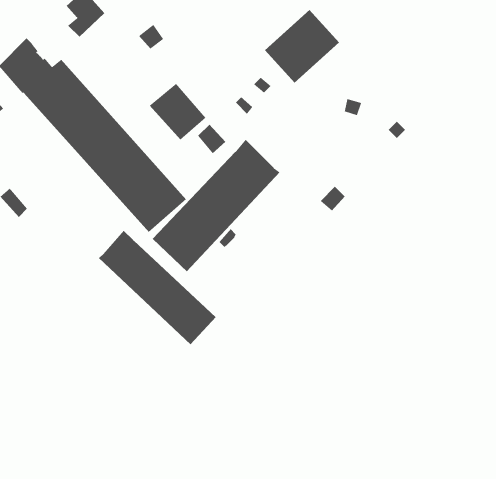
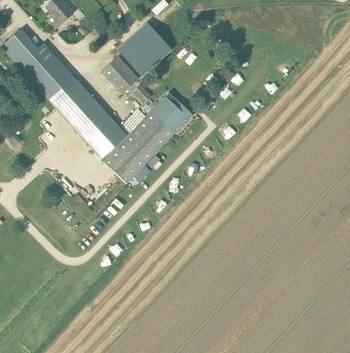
building: [264,9,340,83] -> [119,27,169,76]
building: [98,230,216,345] -> none

